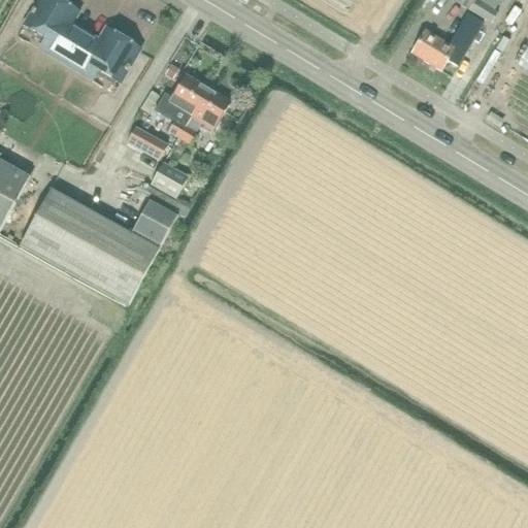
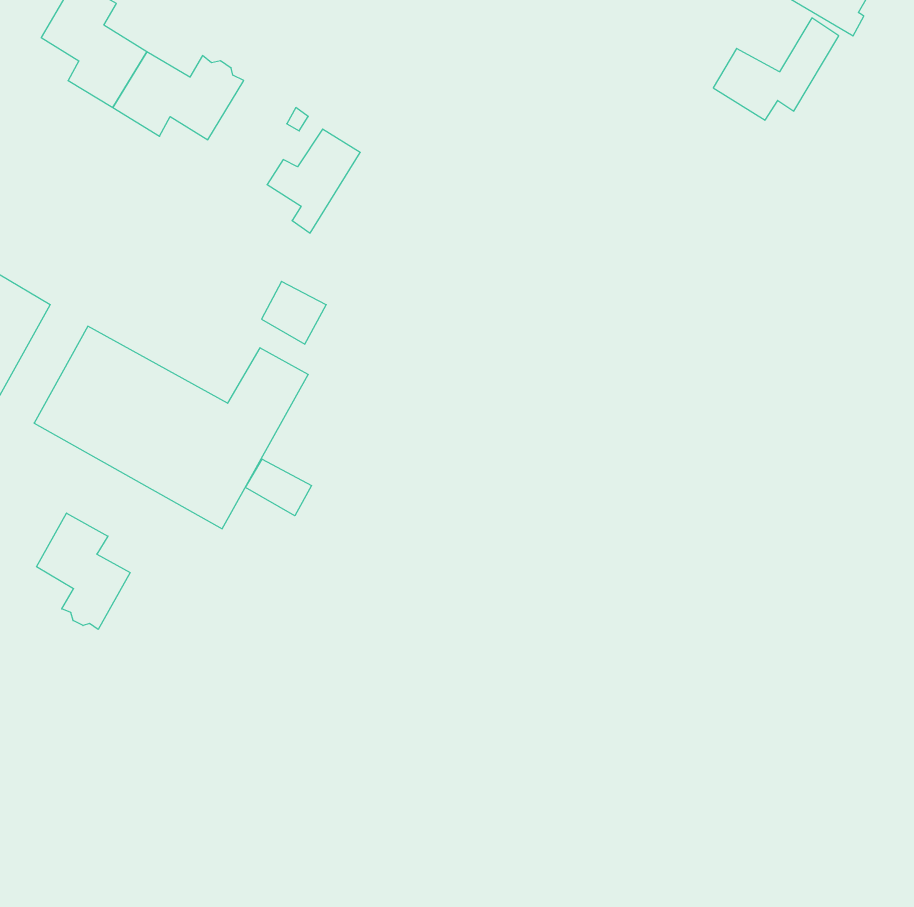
building: [178,88,229,140] -> none
building: [127,123,167,156] -> none
building: none -> [245,459,312,516]
building: none -> [37,513,130,629]

